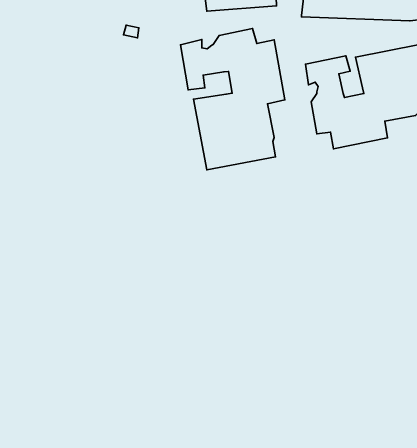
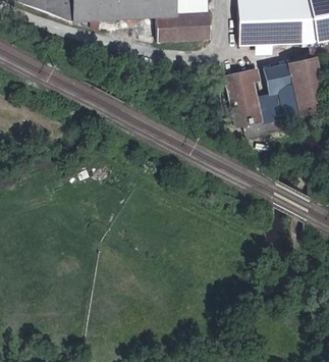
building: [180,29,285,170] -> none

